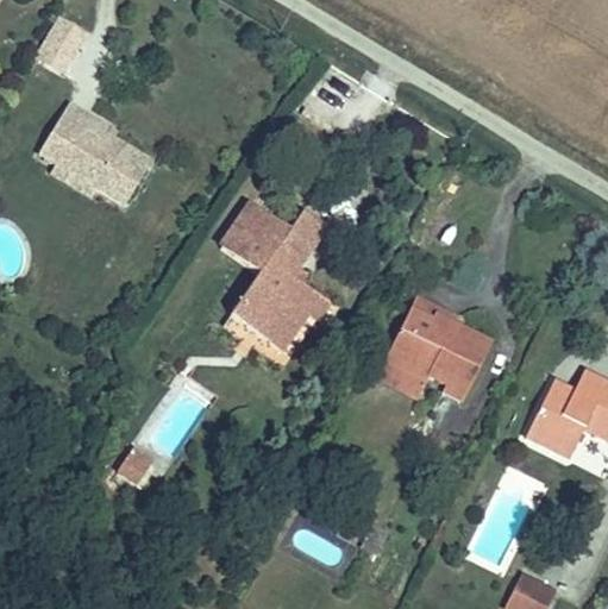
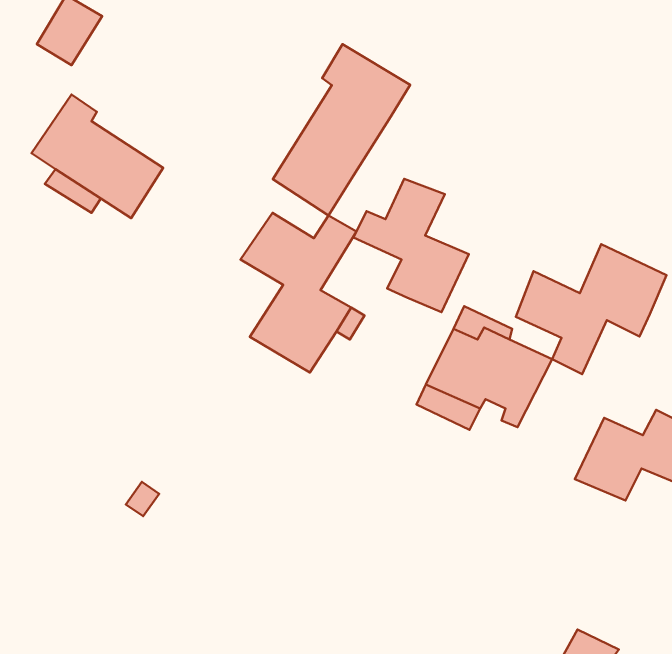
building: none -> [273,44,410,216]
building: none -> [353,179,469,312]
building: none -> [516,244,666,374]

